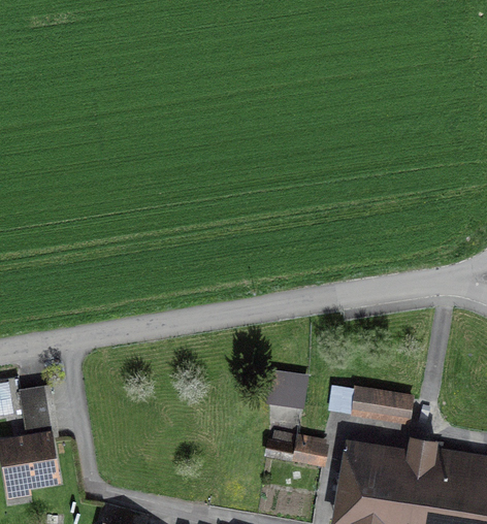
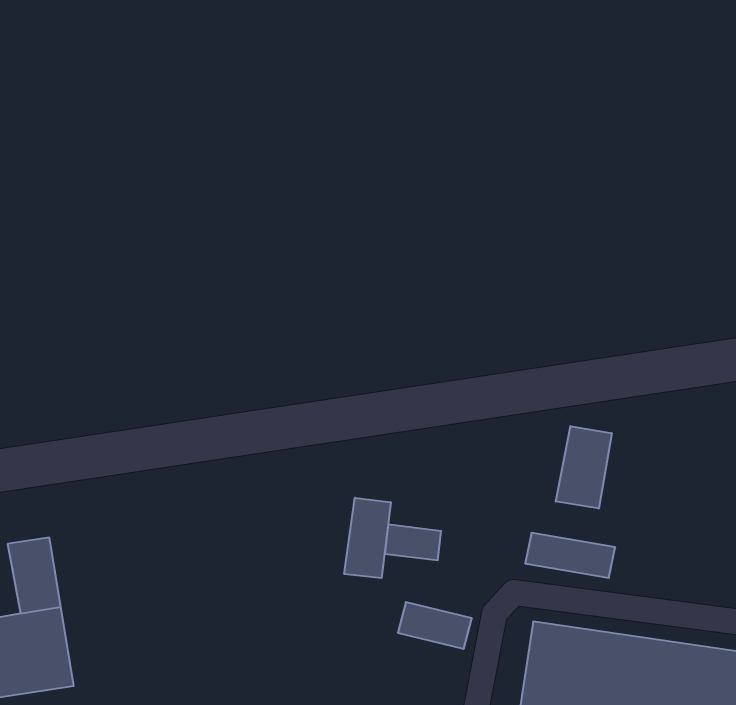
building: none -> [556,426,612,509]
building: none -> [344,498,391,578]

